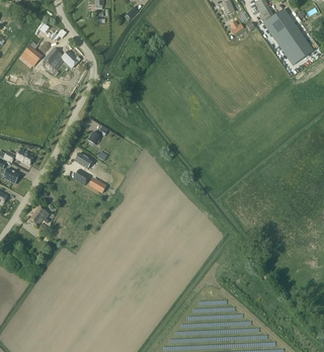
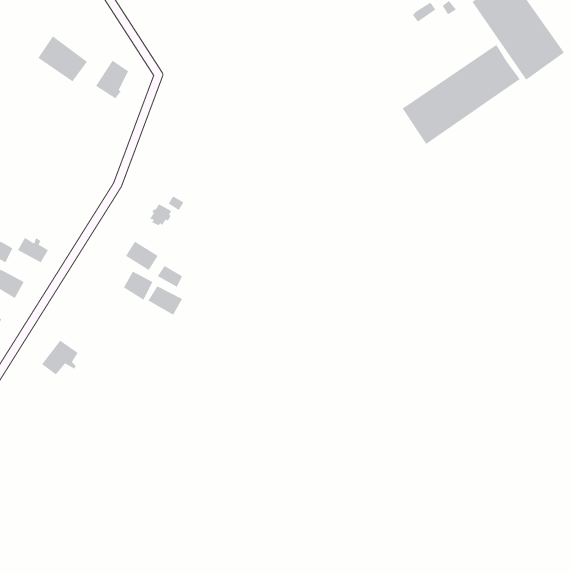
building: none -> [402,43,520,145]

